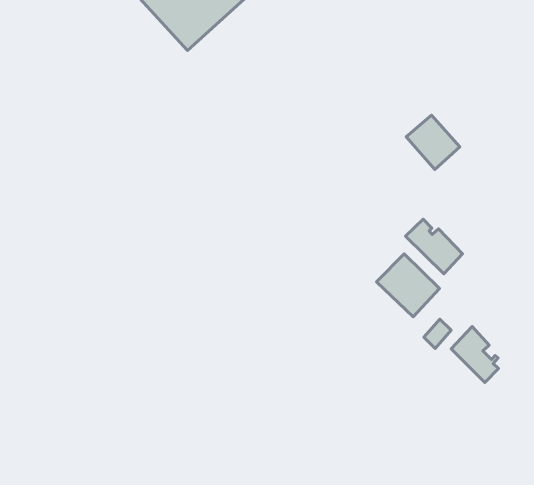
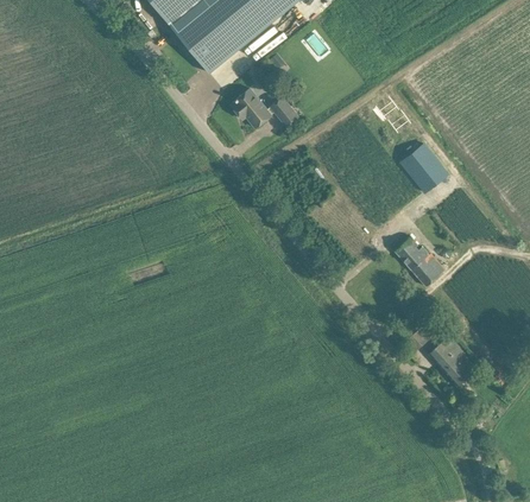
building: none -> [233,89,299,128]
building: [377,254,439,317] -> none

